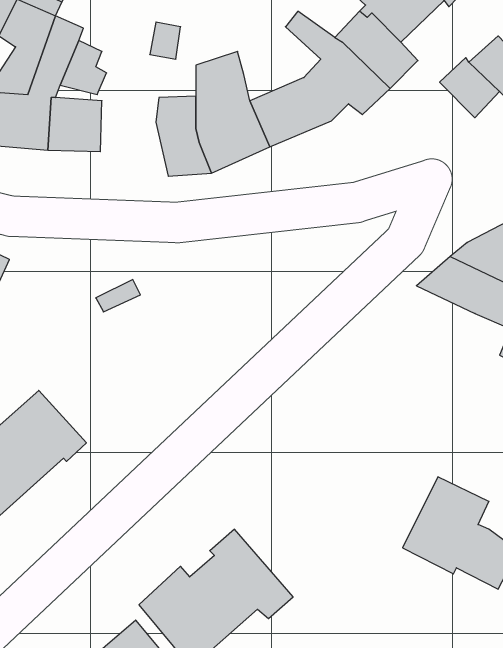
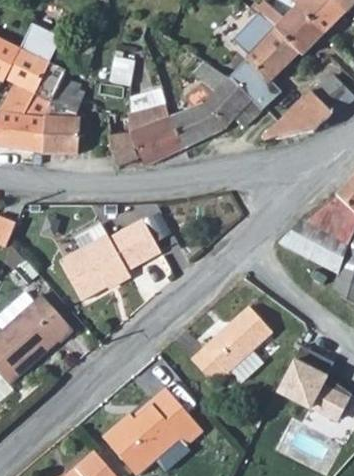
building: none -> [266,101,320,134]
building: none -> [60,227,160,306]
building: none -> [191,312,270,388]

